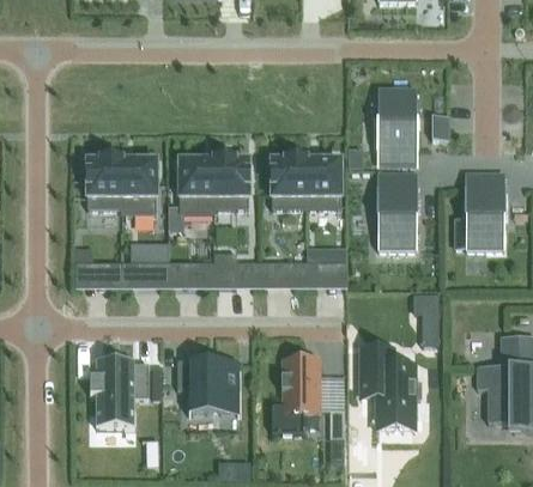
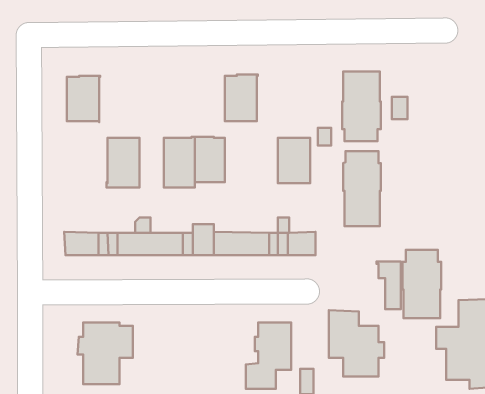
building: [86,159,122,209] -> [67,76,100,122]
building: [271,159,307,209] -> [225,75,258,121]
building: [464,175,505,249] -> [402,250,441,318]
building: [177,360,238,414] -> none

